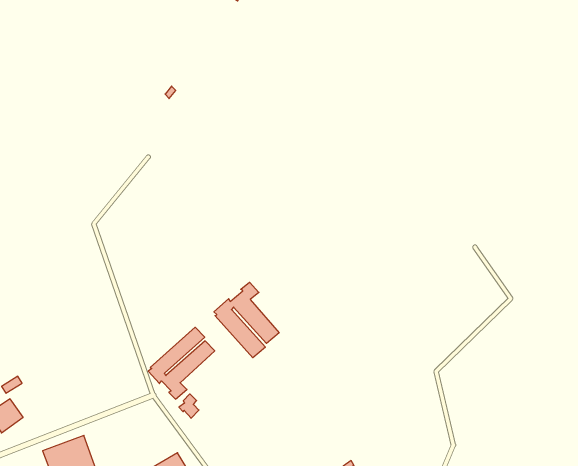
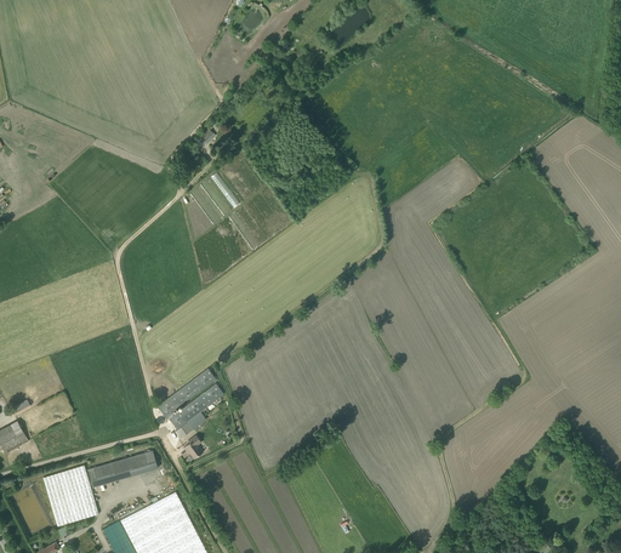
building: [214,282,279,358] -> none
building: none -> [87,451,158,488]

